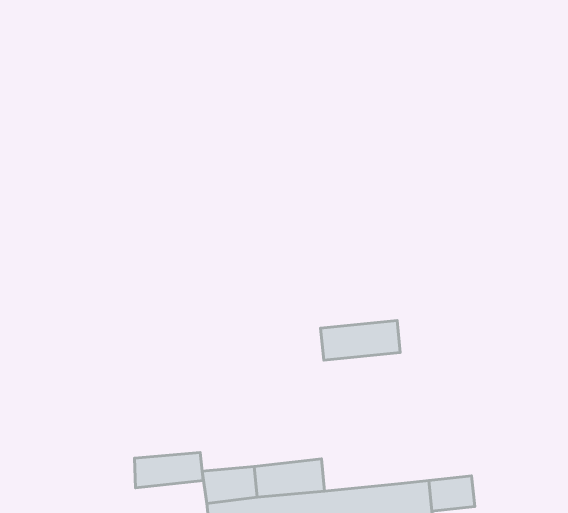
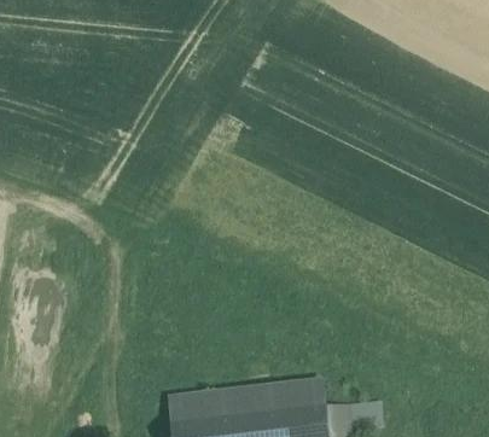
building: [321,321,400,360] -> [262,378,325,409]
building: [134,453,203,488] -> none

